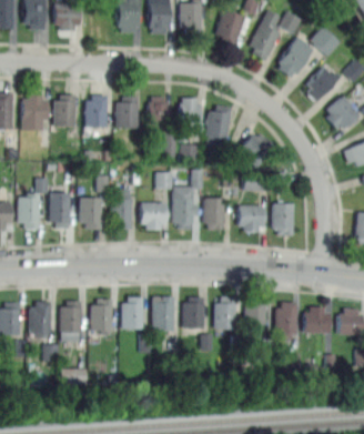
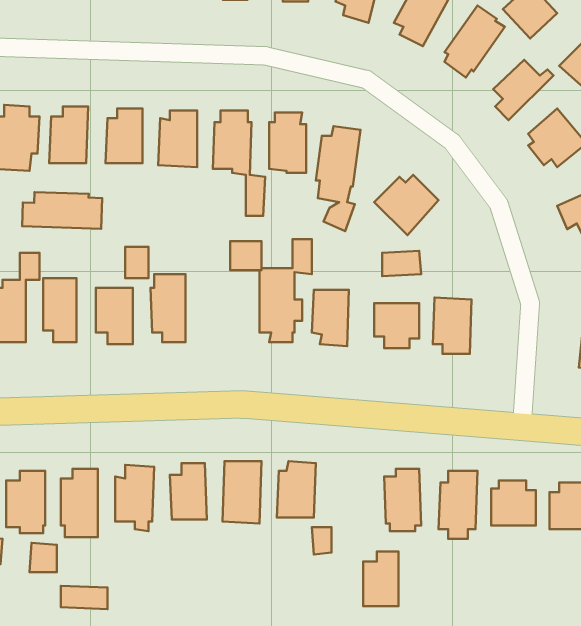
building: none -> [22,192,102,229]
building: [141,203,166,230] -> none
building: [214,297,234,329] -> [363,552,398,606]

